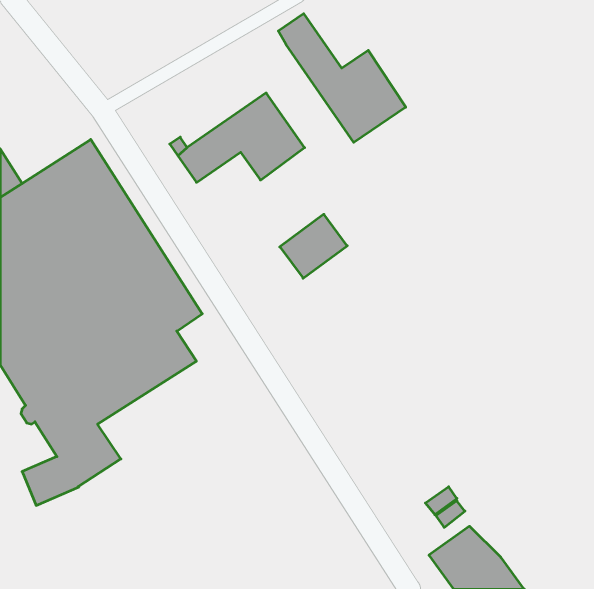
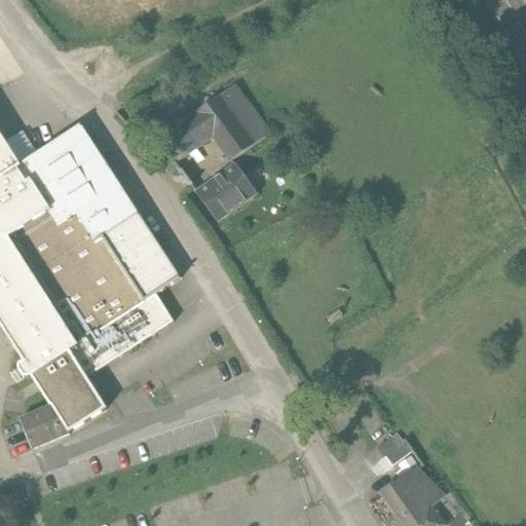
building: [278,14,406,142] -> none
building: [280,214,347,278] -> [196,162,256,219]

